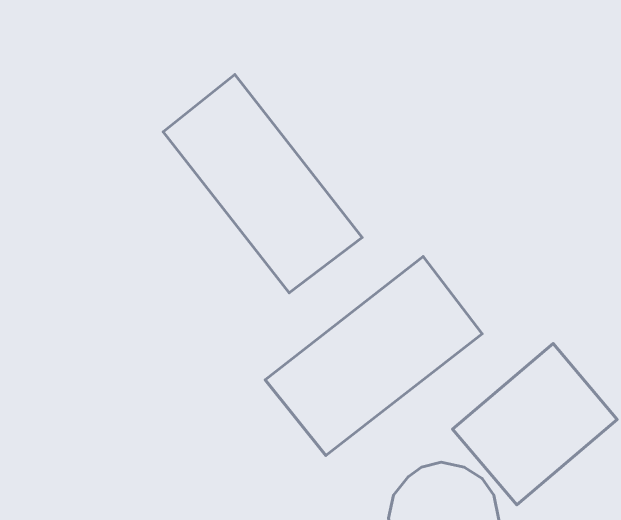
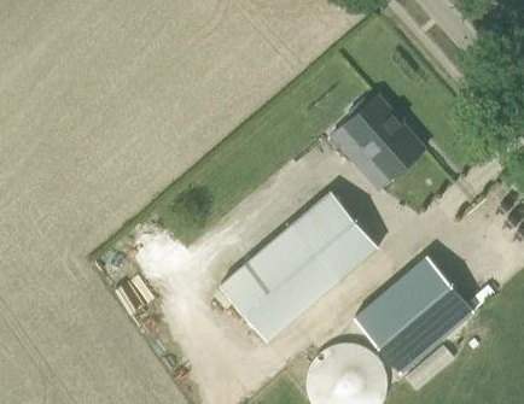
building: [163,75,362,293] -> none
building: none -> [343,98,425,191]

